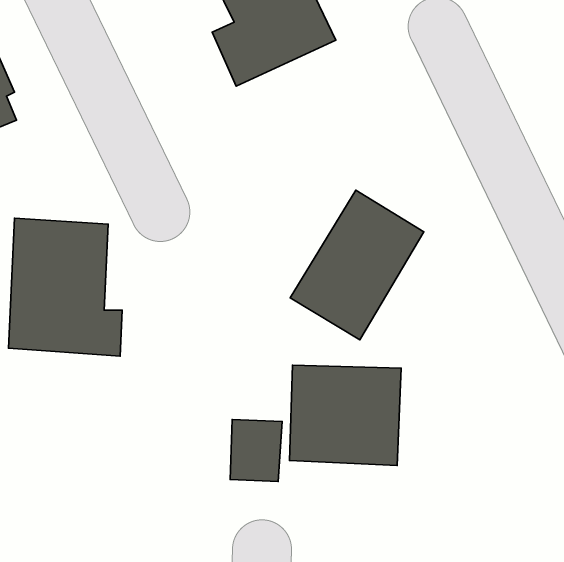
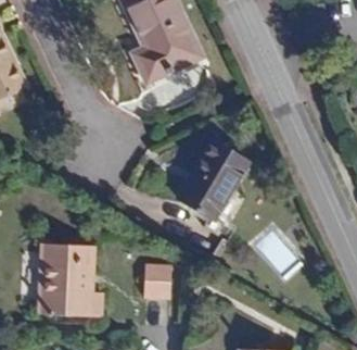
building: [8,218,122,356] -> [39,242,101,317]
building: [289,365,401,466] -> none

